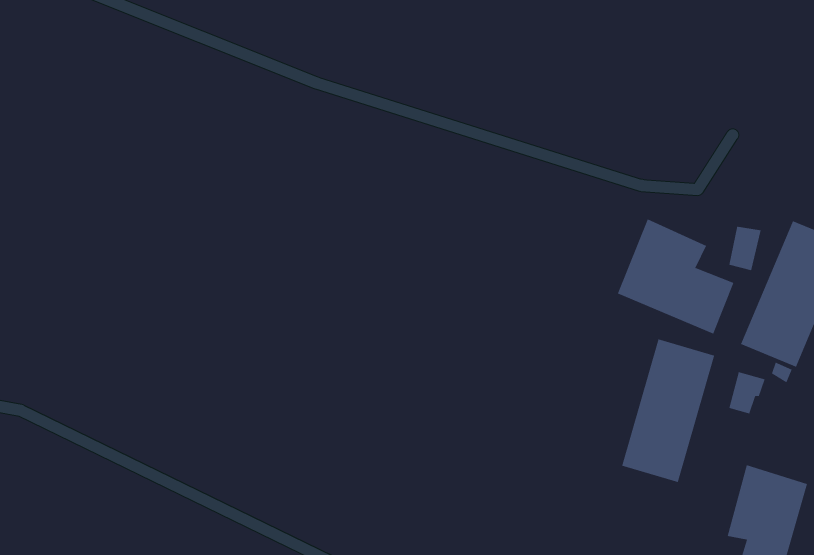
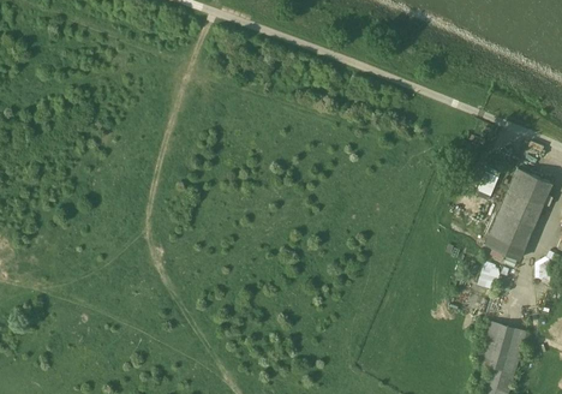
building: [617,219,734,334] -> none
building: [622,338,715,483] -> none

